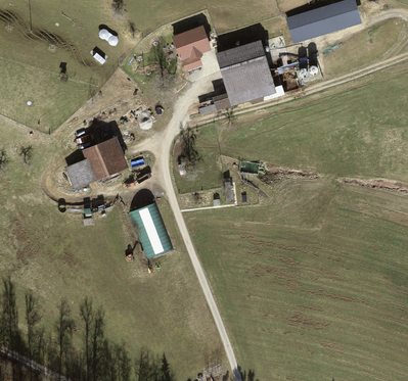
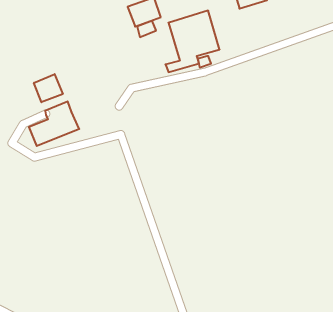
building: none -> [34,74,63,102]
building: [131,202,166,254] -> none

